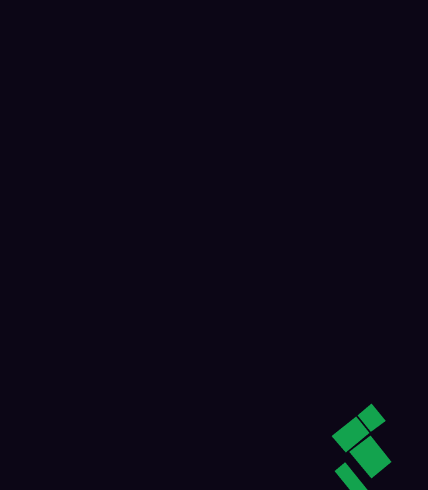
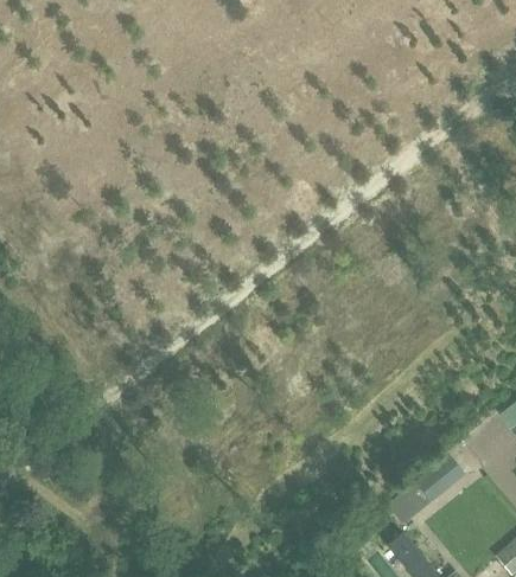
building: [348,435,393,479] -> none

